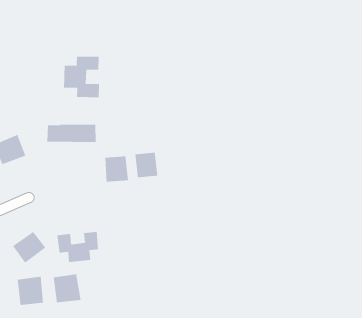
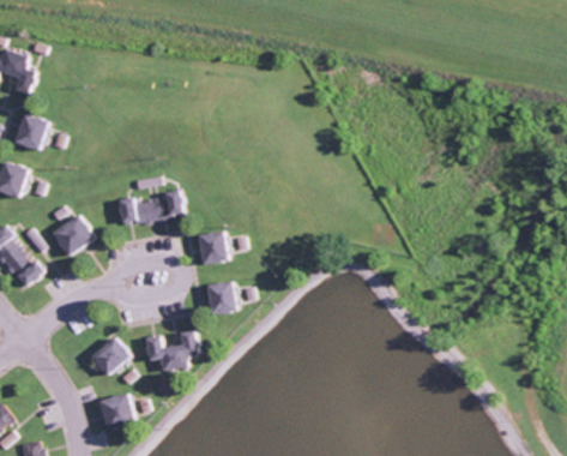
building: [64,56,99,98] -> none
building: [135,152,158,178] -> [205,281,237,316]
building: [53,273,81,303] -> none

